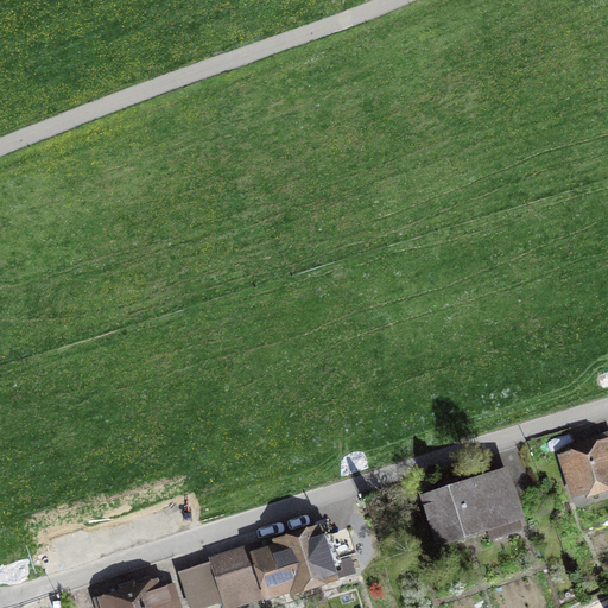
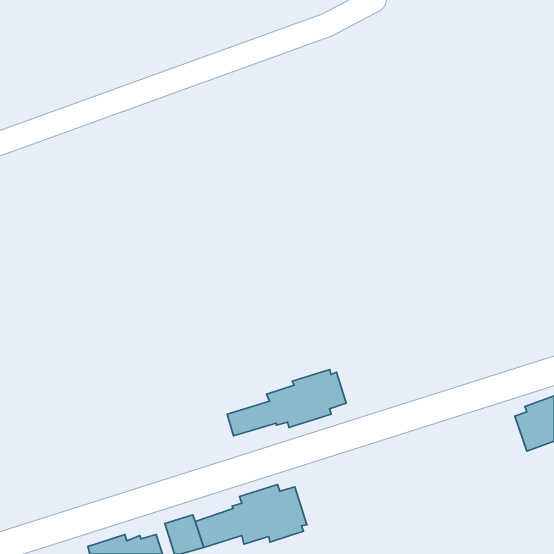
building: none -> [227,370,346,436]
building: [425,474,522,540] -> none

